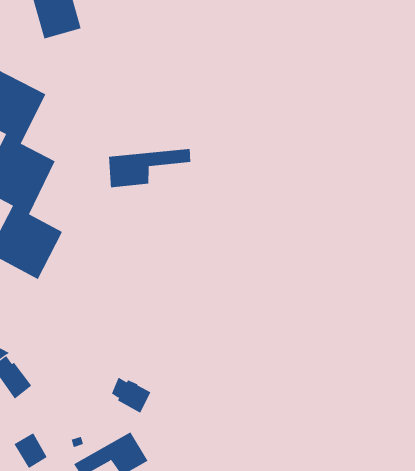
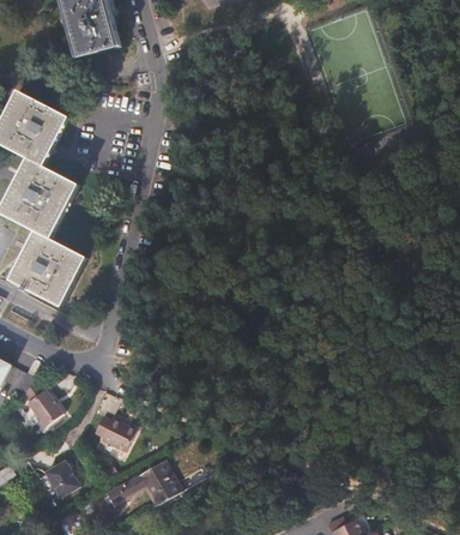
building: [108,148,191,188] -> none
building: [111,377,151,413] -> [92,415,133,452]

